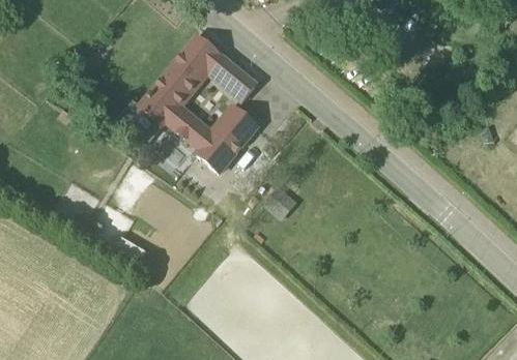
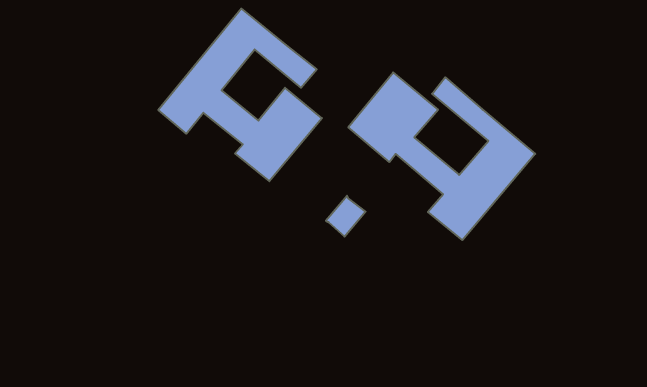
building: none -> [348,72,535,240]

